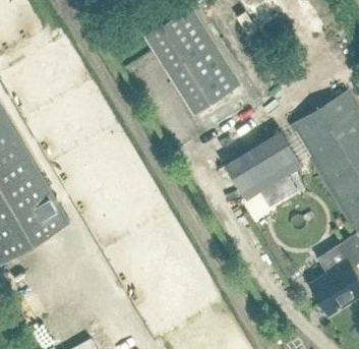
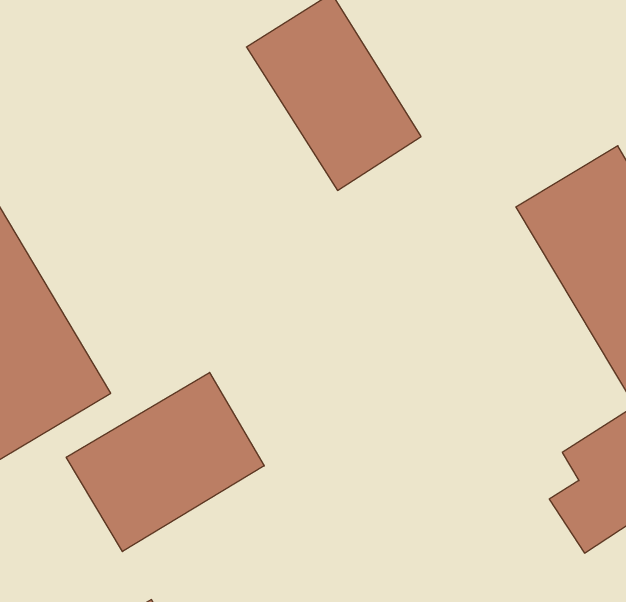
building: [226,131,303,206] -> none
building: none -> [66,372,264,552]

